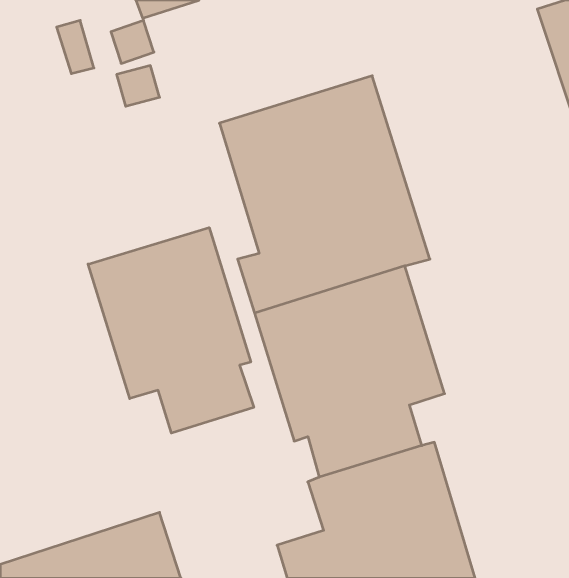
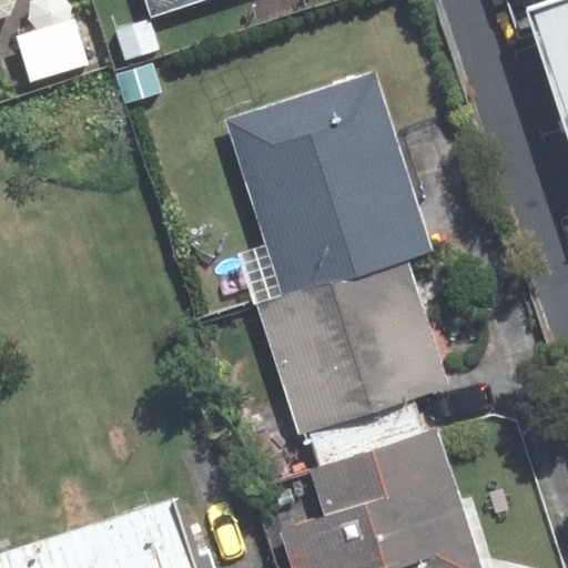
building: [88,228,254,433] -> none

